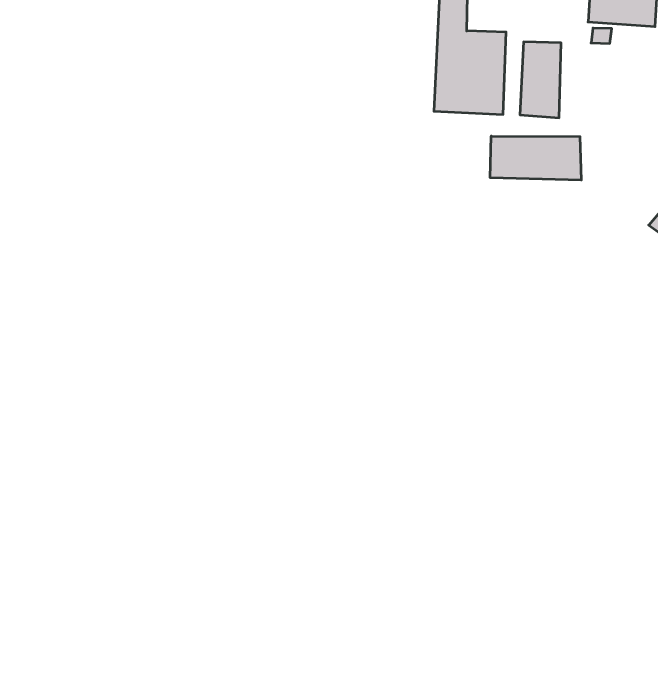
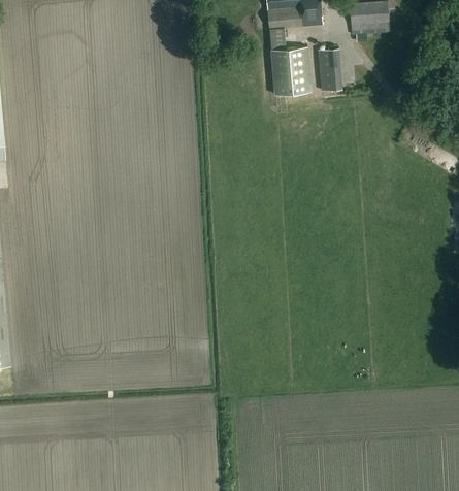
building: [490,136,581,180] -> none

